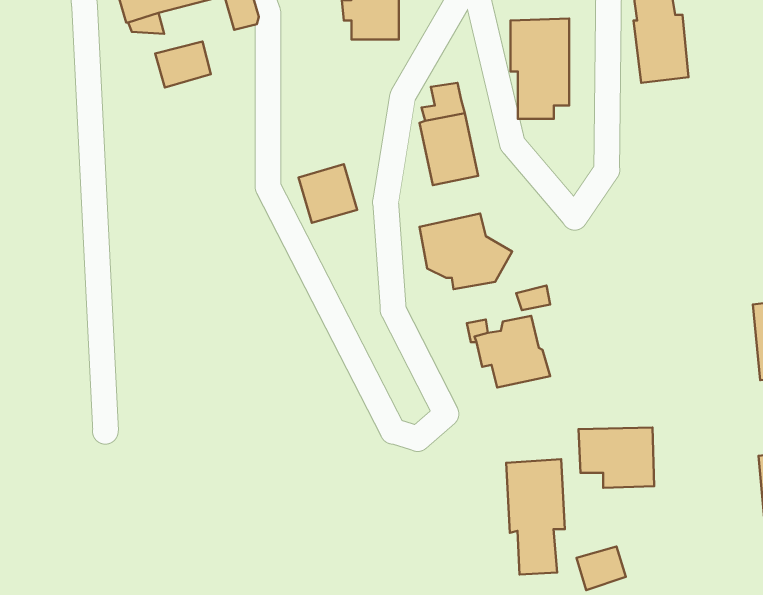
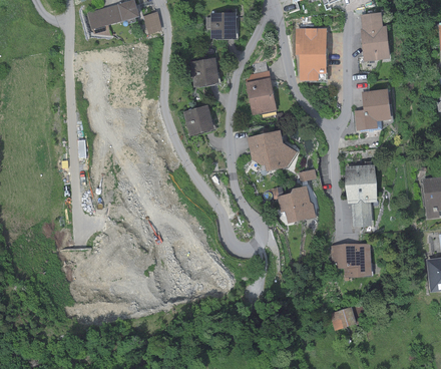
building: [155,42,211,87] -> none
building: none -> [189,57,217,86]
building: none -> [354,88,390,130]
building: [506,459,565,575] -> [345,164,376,226]

